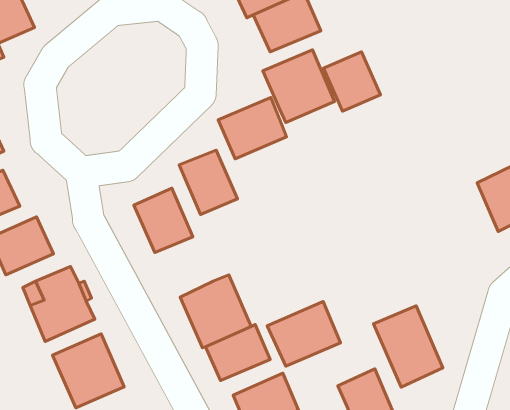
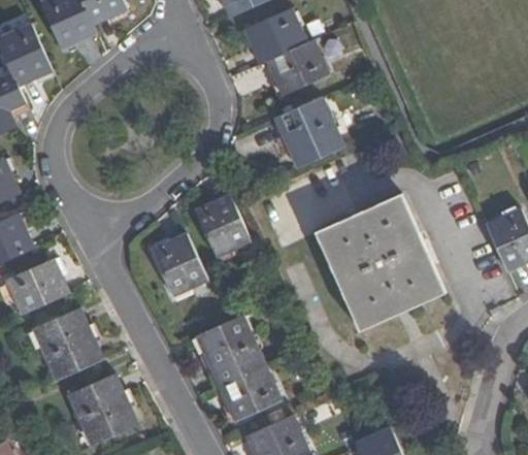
building: [323,52,380,111] -> none
building: [218,97,287,159] -> none
building: none -> [314,195,444,333]
building: [267,302,341,366] -> none
building: [374,306,443,387] -> none

